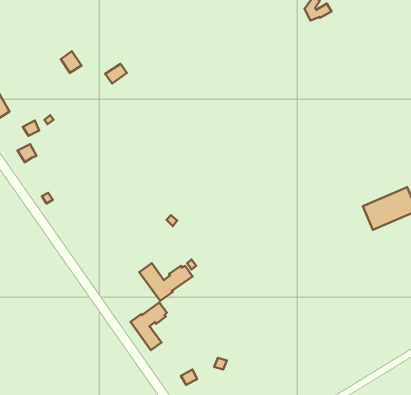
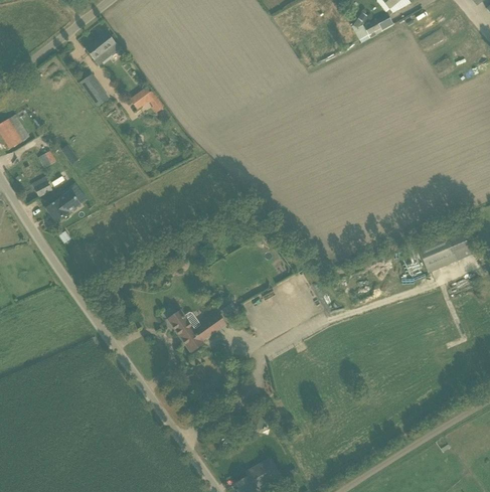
building: none -> [88,31,119,64]
building: none -> [47,190,80,220]
building: [131,302,167,350] -> none

